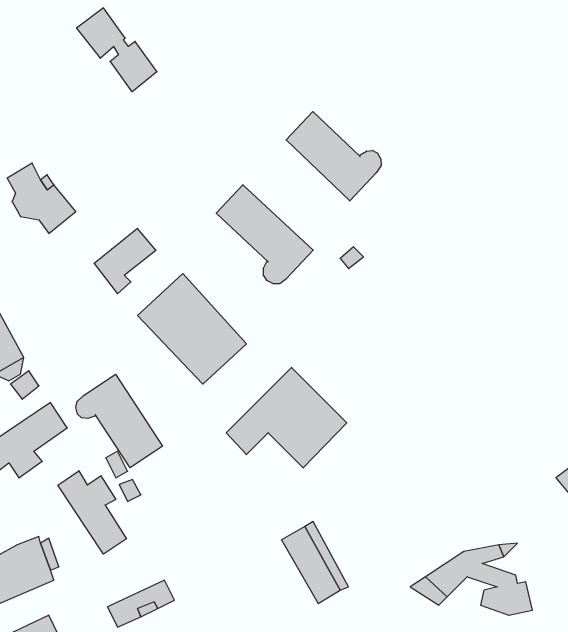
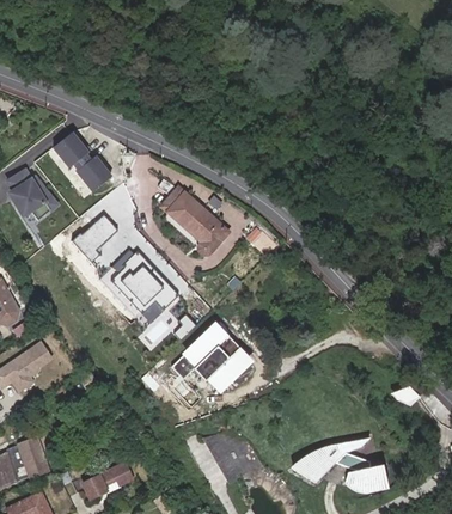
building: [77,8,157,92] -> [53,134,110,194]
building: [286,112,381,201] -> none
building: [76,374,163,468] -> none
building: [58,471,127,554] -> none

